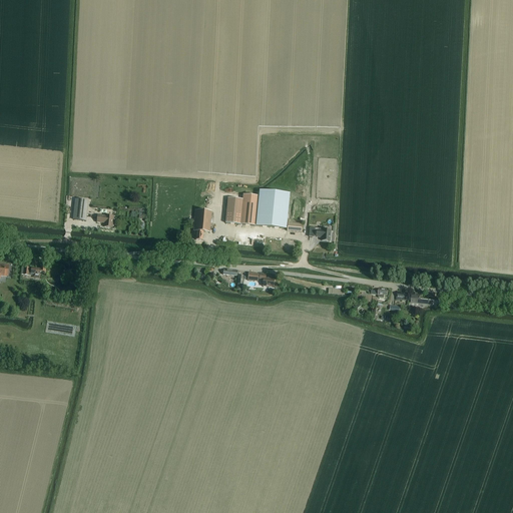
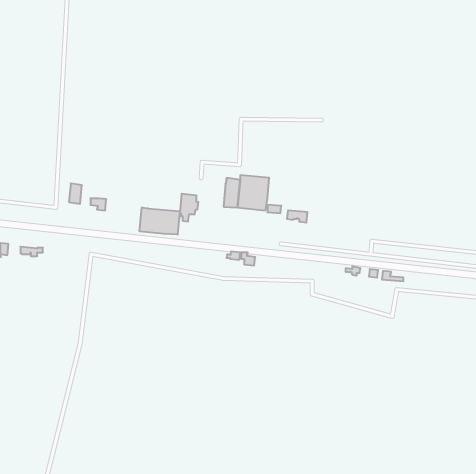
building: [225,196,242,222] -> none
building: none -> [140,207,180,235]

